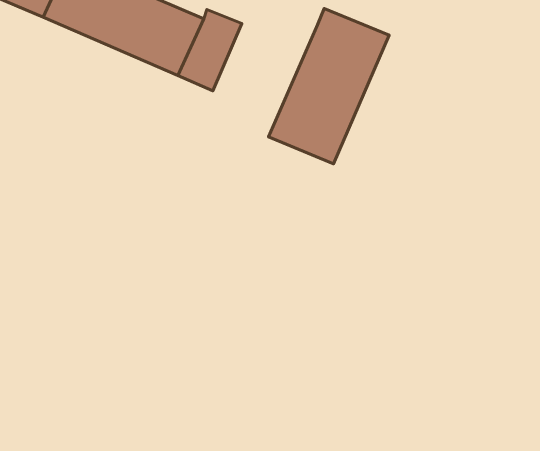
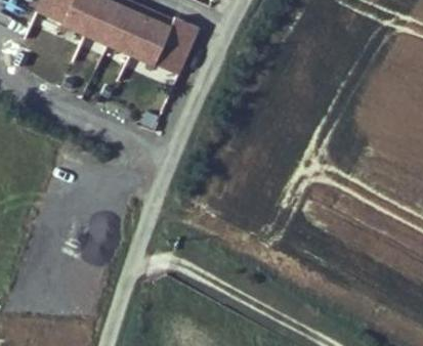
building: [268,8,389,164] -> none

